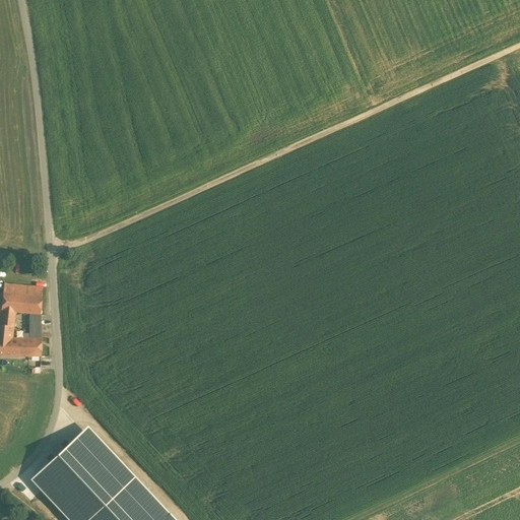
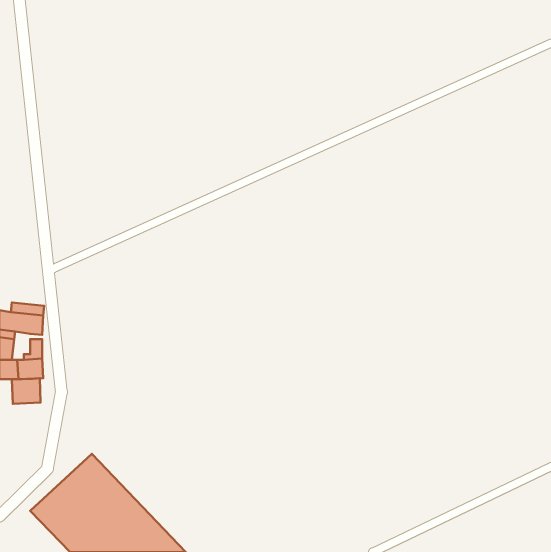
building: none -> [12,378,41,404]

